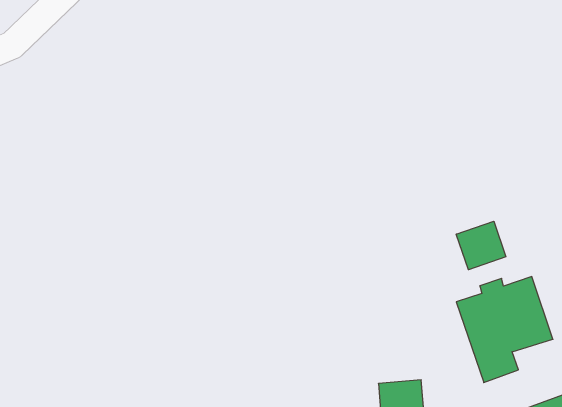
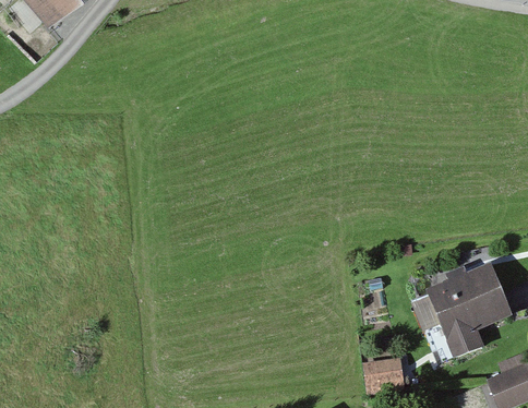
building: [456,221,506,270] -> none

